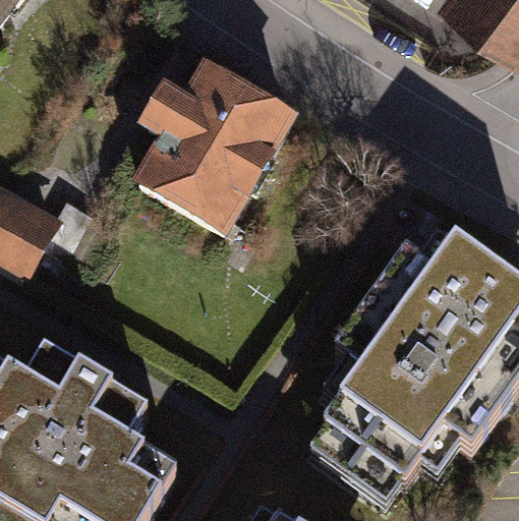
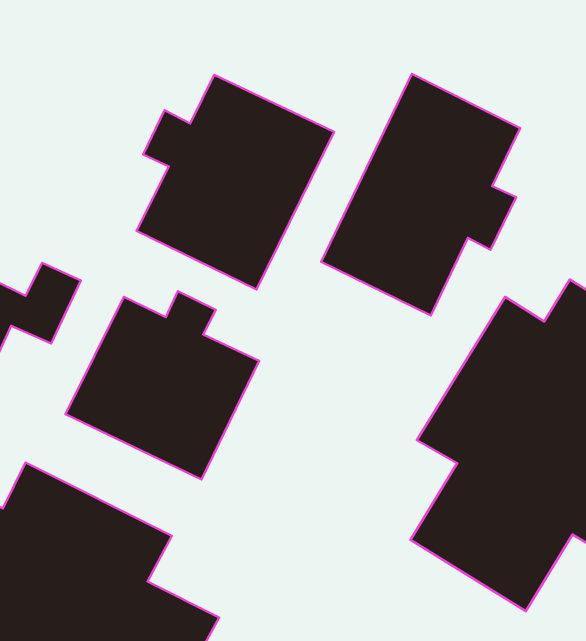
building: none -> [321,74,520,315]
building: none -> [65,291,259,479]

